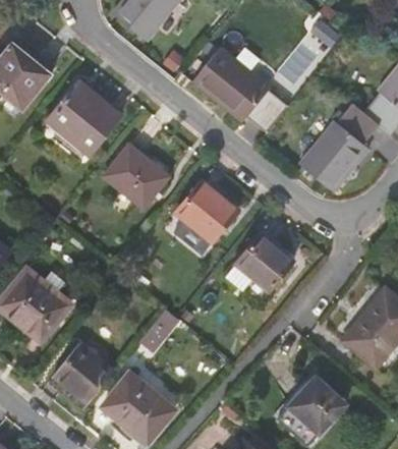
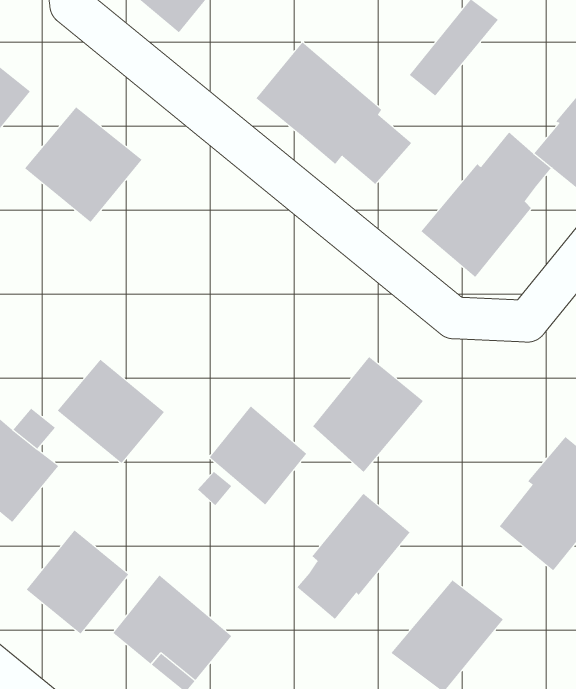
building: [104,146,170,210] -> [57,359,165,464]
building: [178,182,238,243] -> [209,405,307,505]
building: none -> [297,493,410,620]

